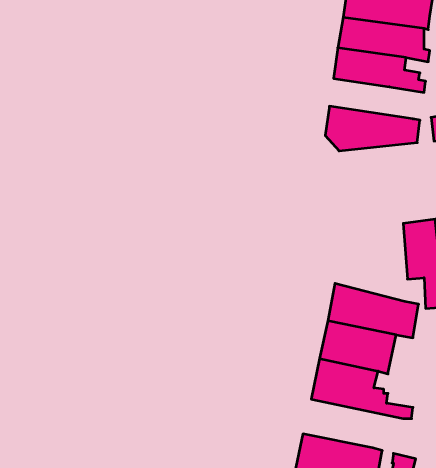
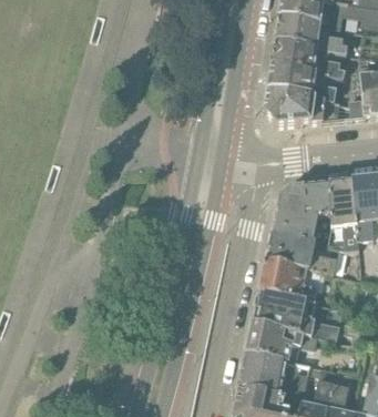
building: none -> [267,67,336,99]
building: none -> [272,182,329,244]
building: none -> [246,322,326,360]

